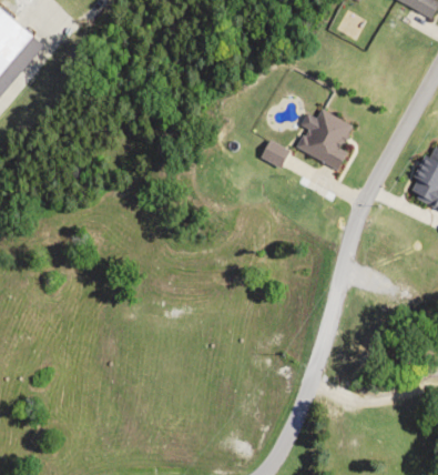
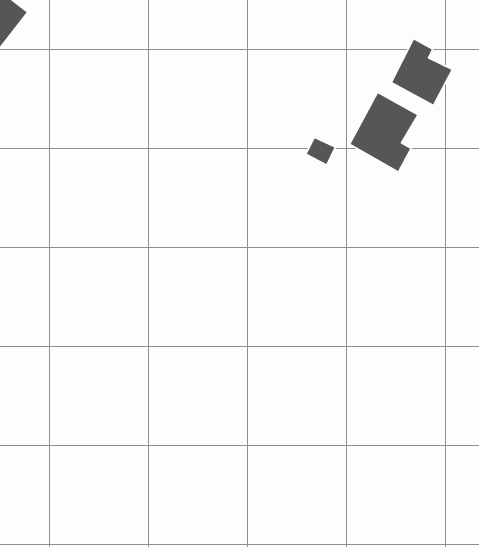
building: none -> [391,38,453,106]

